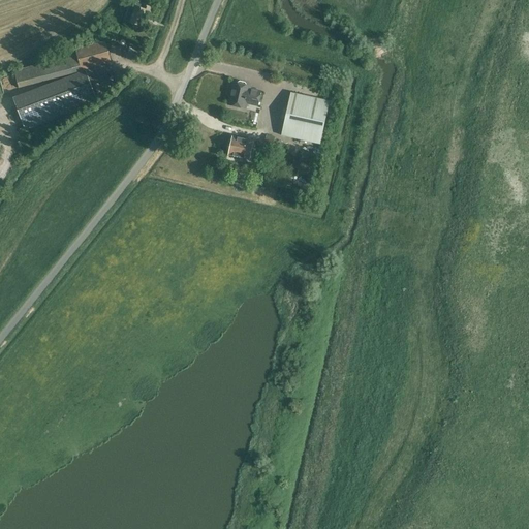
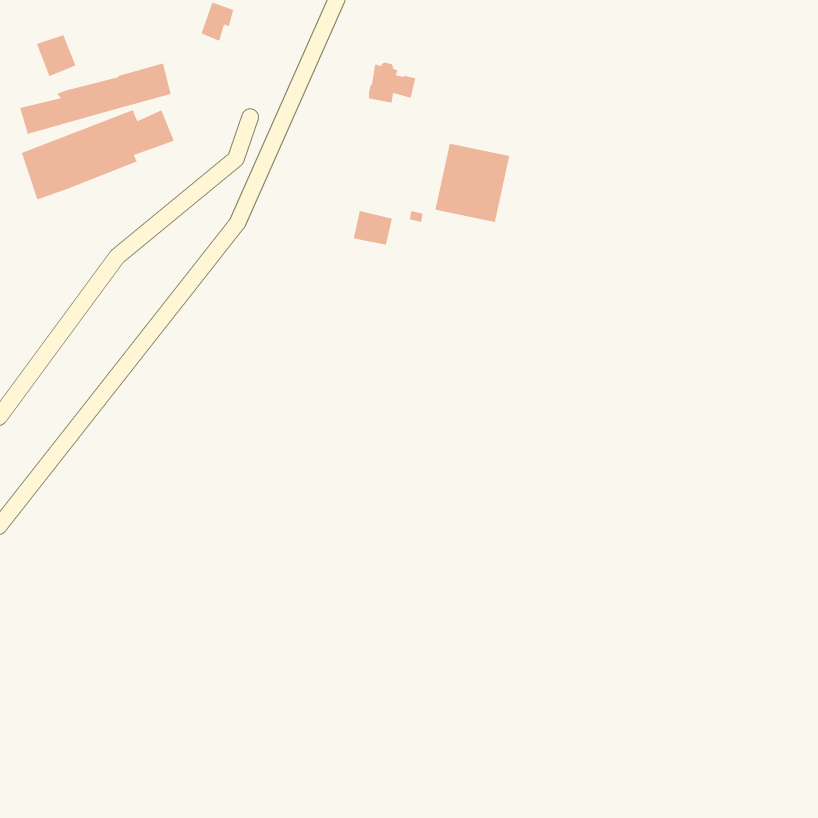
building: none -> [36,34,77,77]
building: [228,81,259,107] -> [368,62,416,104]

